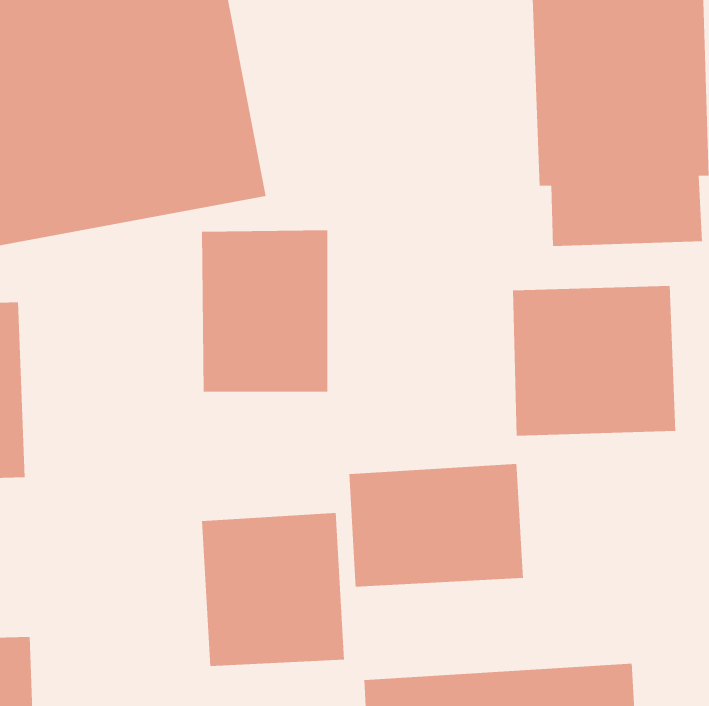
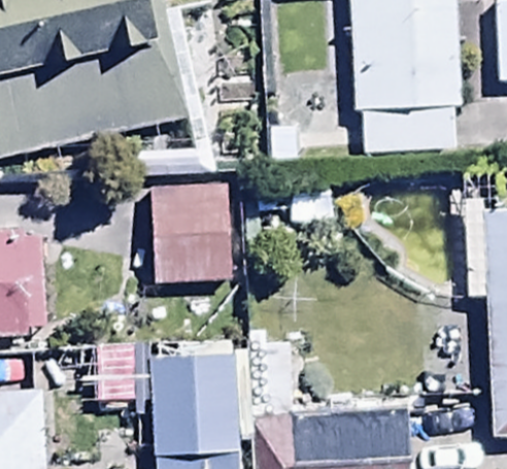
building: [512,285,676,436] -> none
building: [349,463,523,587] -> none

